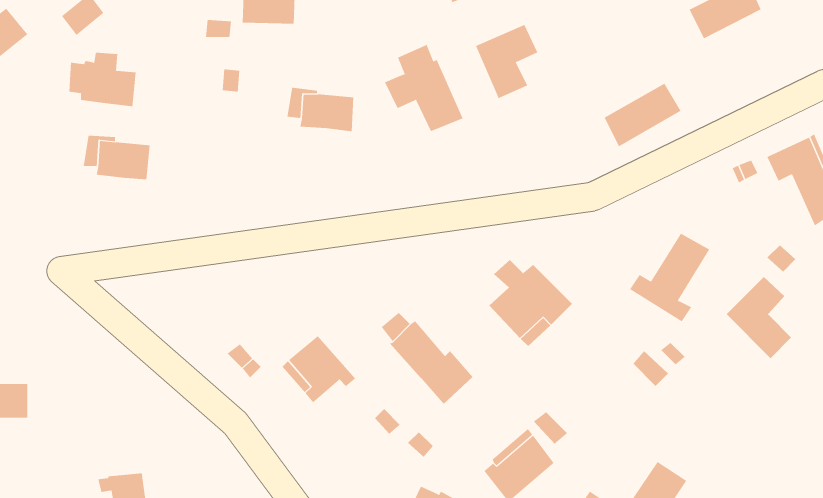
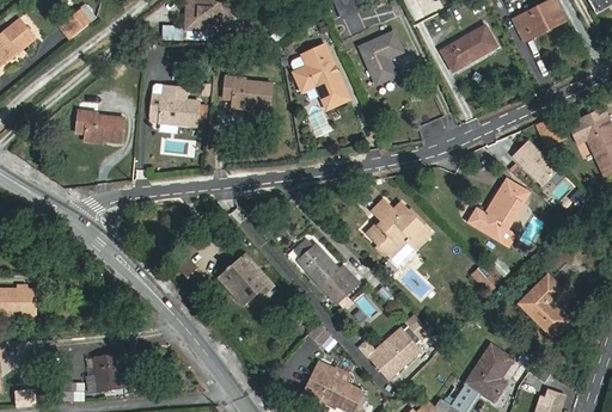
building: [69,52,137,107] -> [151,86,200,125]
building: [604,83,682,147] -> [441,25,497,72]
building: none -> [515,141,561,185]
building: [726,276,792,359] -> [520,276,568,336]

